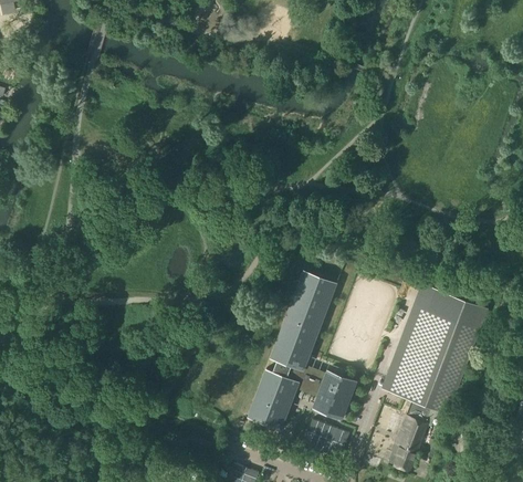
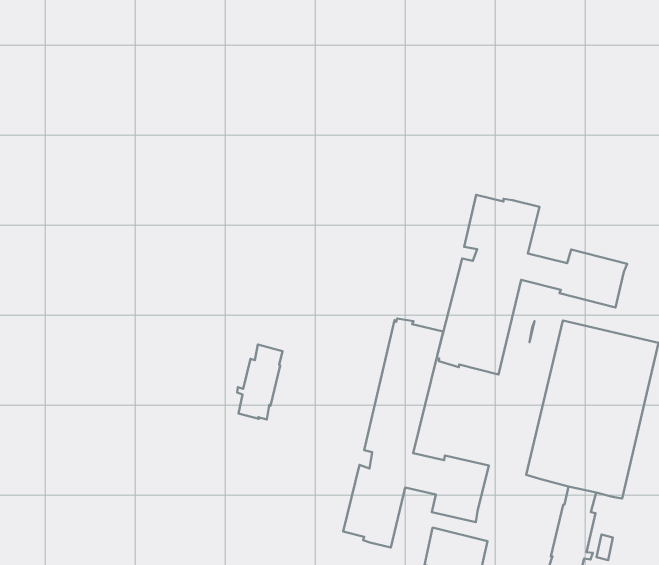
building: none -> [436,195,627,374]
building: none -> [237,345,283,419]

